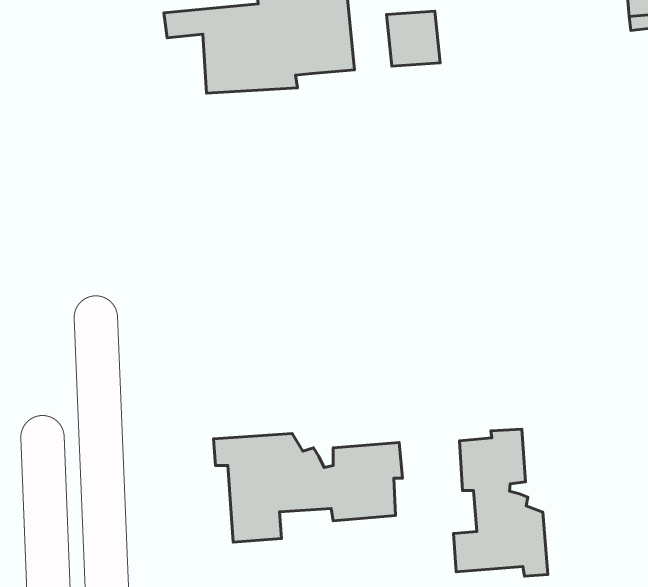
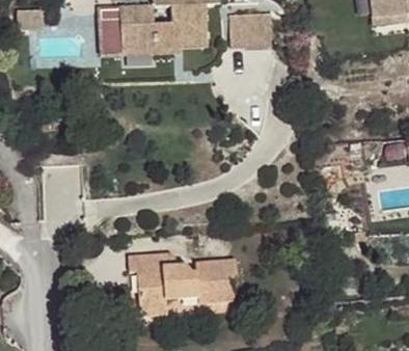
building: [453,429,548,576] -> none

